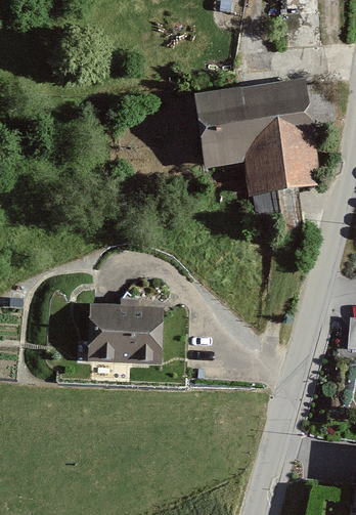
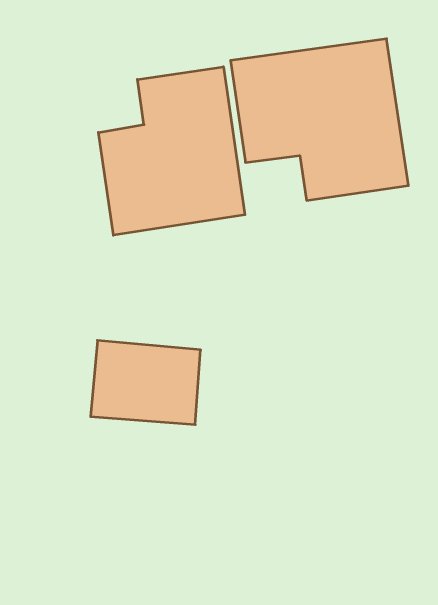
building: none -> [98,67,245,235]

